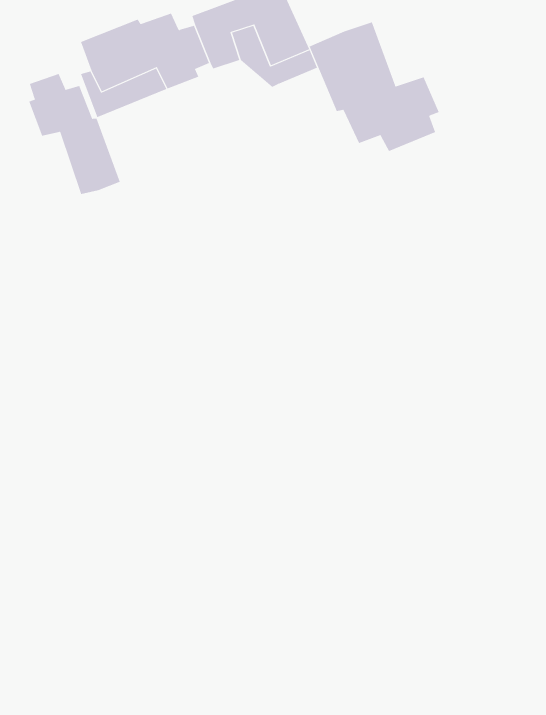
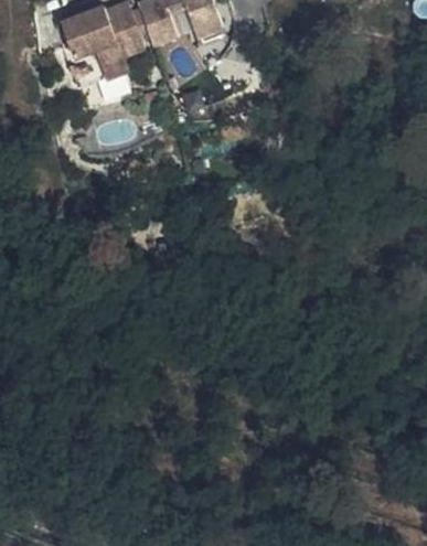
building: [309,21,439,152] -> none
building: [28,73,121,195] -> none

